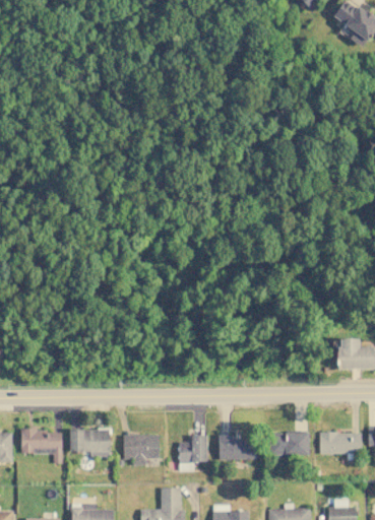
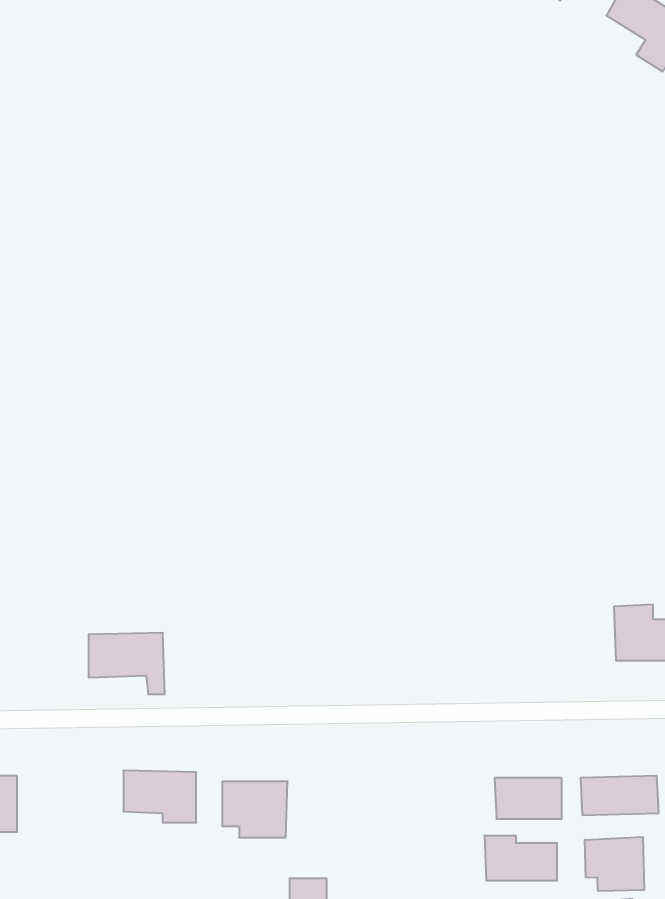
building: [21,430,63,463] -> [88,633,165,694]
building: [179,435,207,471] -> none
building: [218,435,258,459] -> [484,836,557,881]
building: none -> [585,837,644,891]

